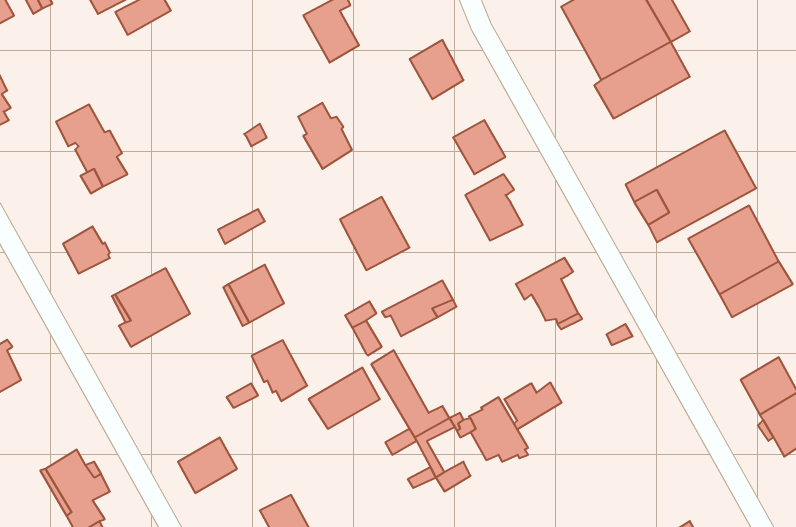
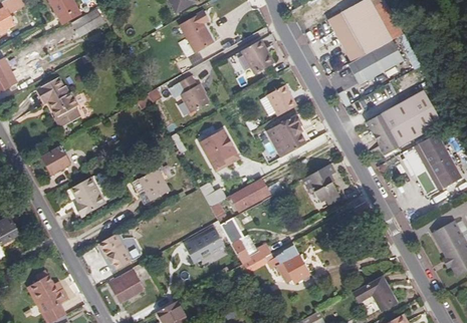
building: [252,340,307,401] -> [97,234,130,269]
building: [504,382,562,429] -> none
building: none -> [354,278,397,312]

